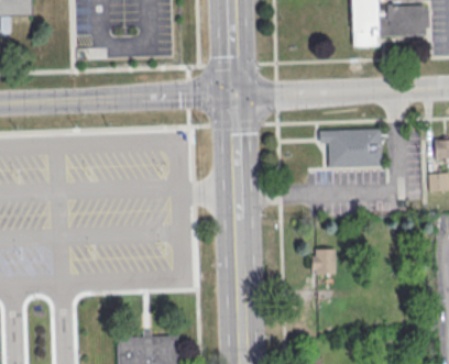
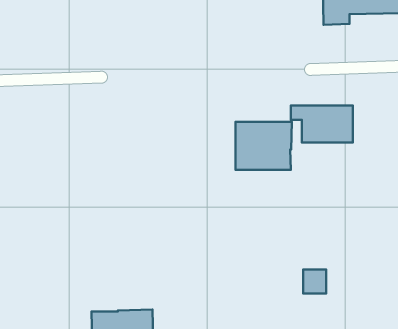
building: none -> [235,122,292,170]
building: [313,249,336,273] -> [303,269,326,293]

